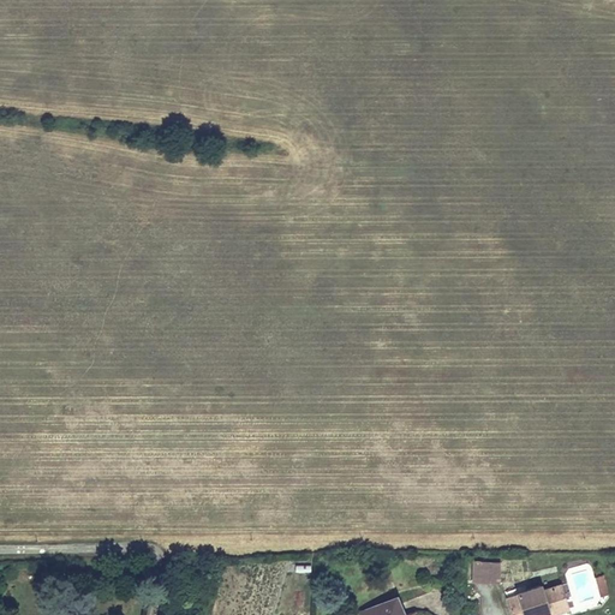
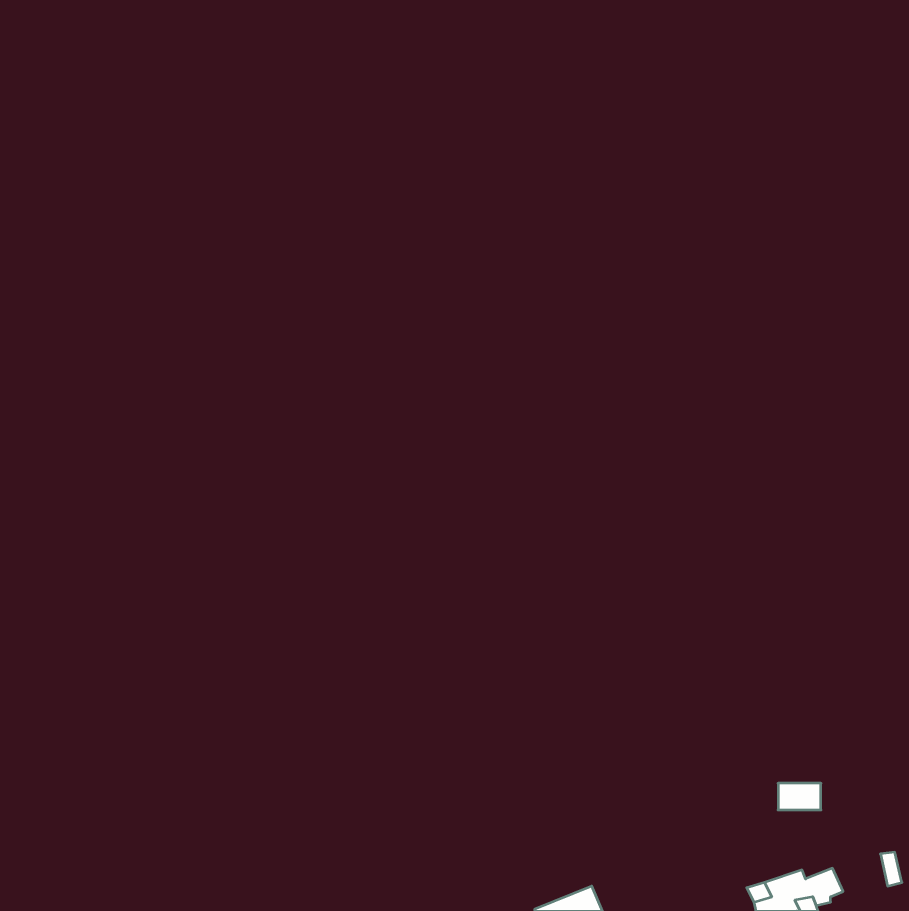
building: [473,563,502,581] -> [778,783,821,810]

